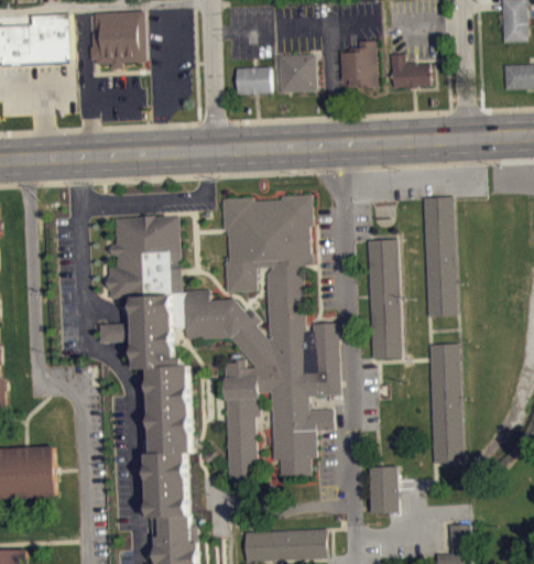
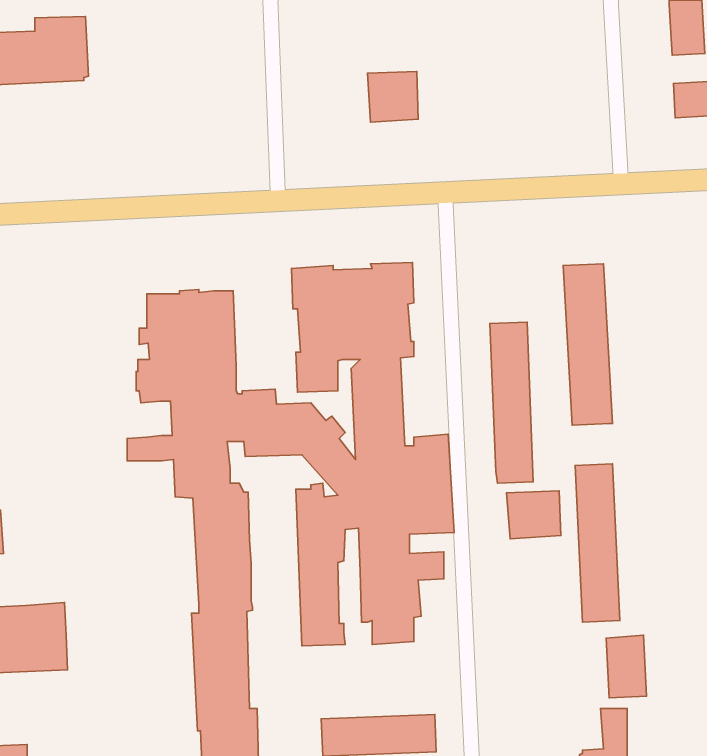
building: [89,10,145,67] -> none
building: [339,42,378,88] -> none
building: [390,55,429,88] -> none
building: [238,67,271,94] -> none
building: none -> [507,491,561,539]
building: [371,467,401,513] -> [606,635,647,698]

